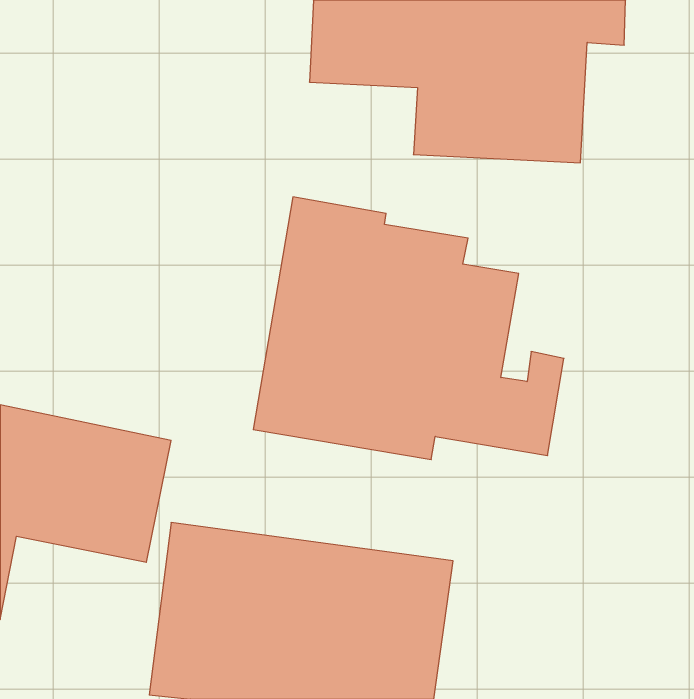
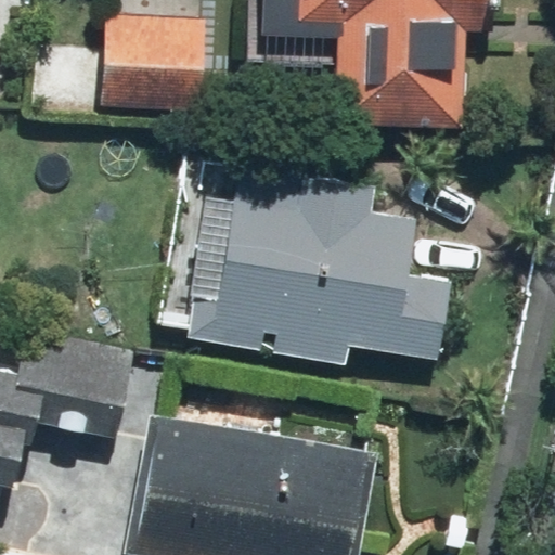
building: none -> [95,8,204,114]

